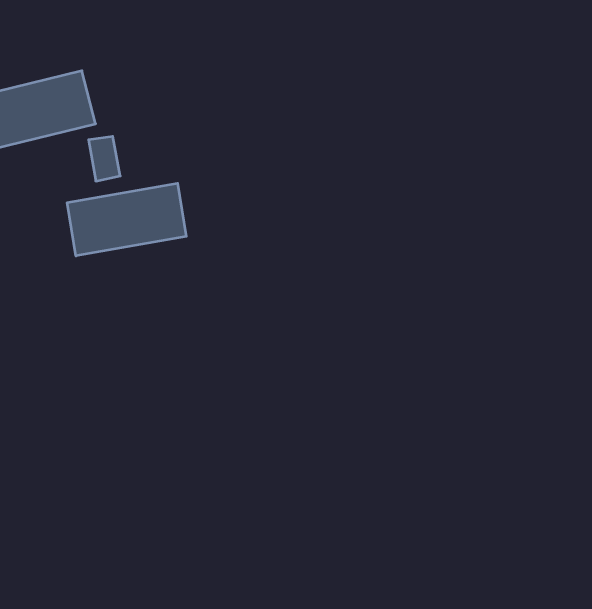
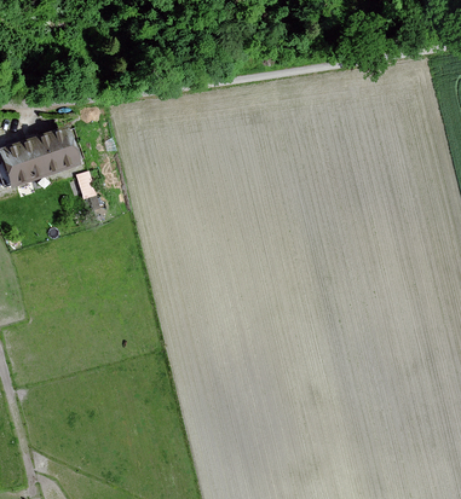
building: [67,183,186,256] -> none

